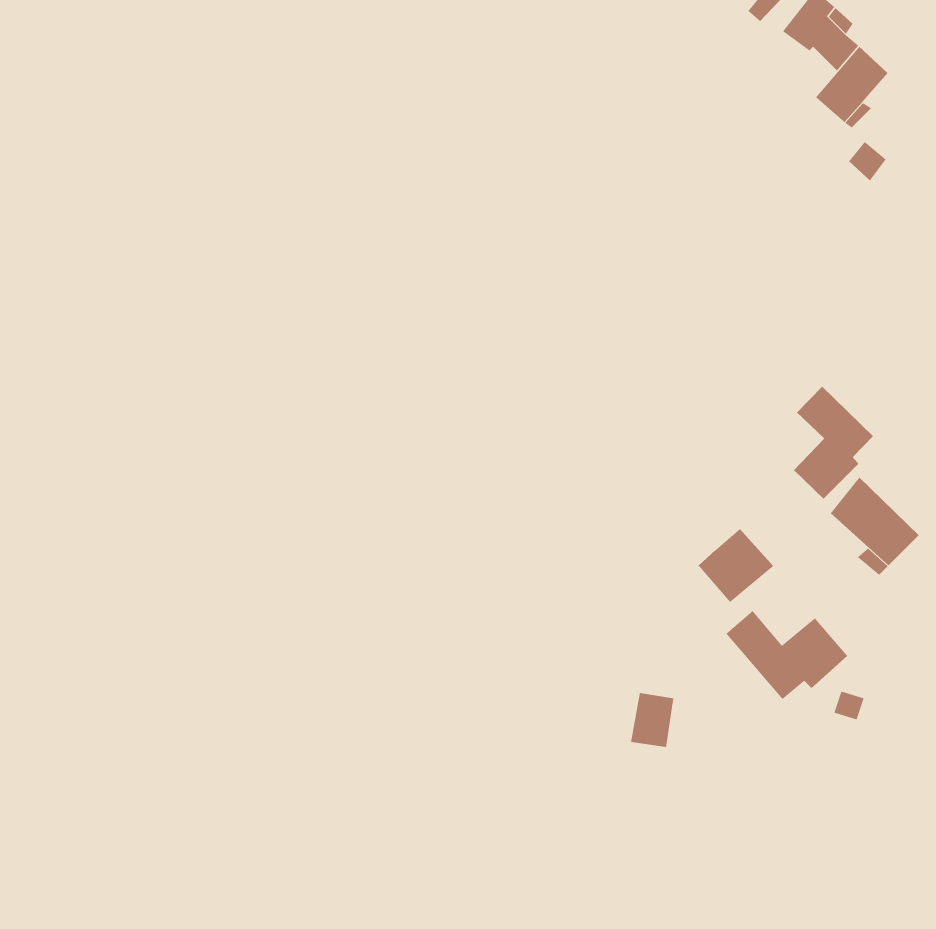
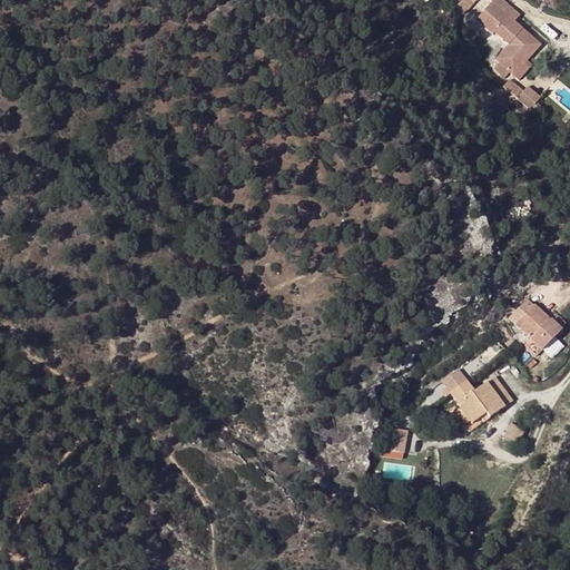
building: [793,386,874,499] -> none
building: [698,528,774,603] -> none

